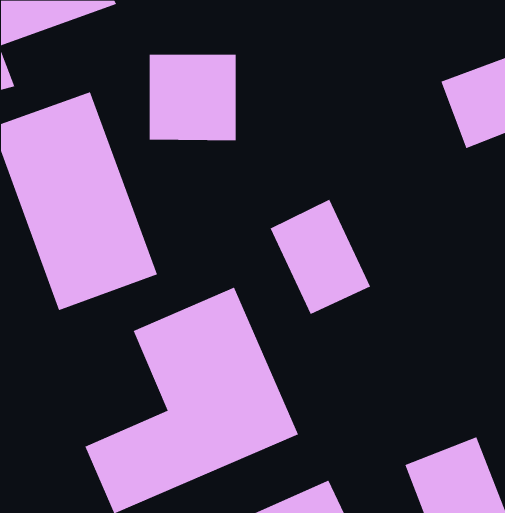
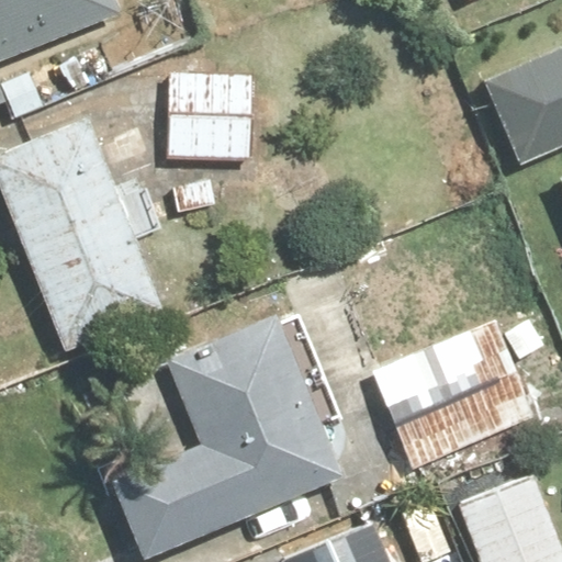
building: [270,199,371,315] -> none
building: none -> [372,324,536,475]

